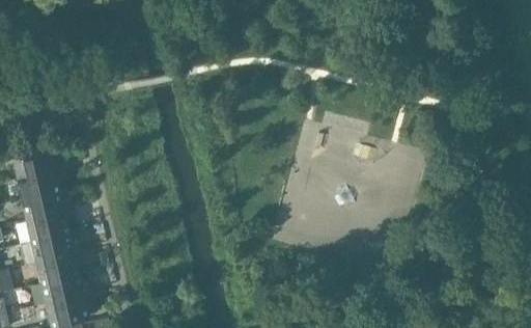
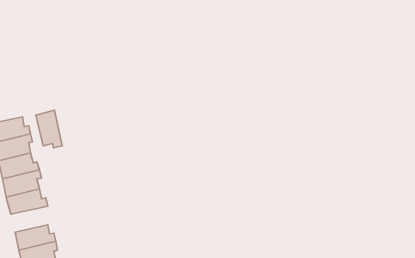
building: none -> [36,110,62,148]
building: [35,266,80,296] -> none

